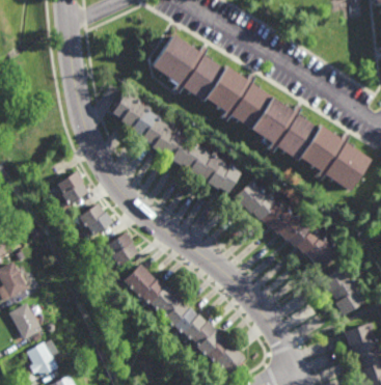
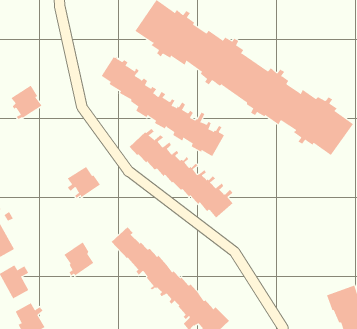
building: [57,169,89,204] -> [11,85,42,120]
building: [233,177,338,269] -> [129,128,233,218]
building: [108,230,139,266] -> [64,241,94,276]
building: [320,267,364,317] -> none

